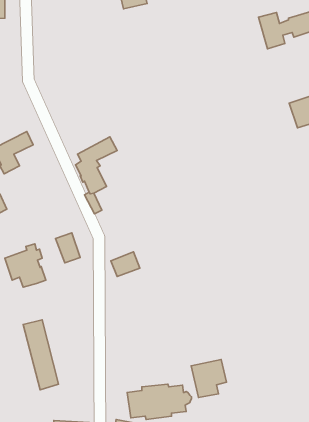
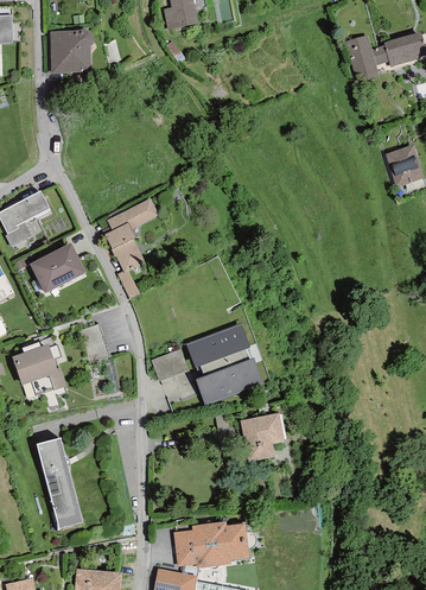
building: none -> [50,28,94,72]
building: none -> [28,242,85,293]
building: none -> [185,322,262,404]
building: [191,359,227,398] -> [239,411,285,461]

